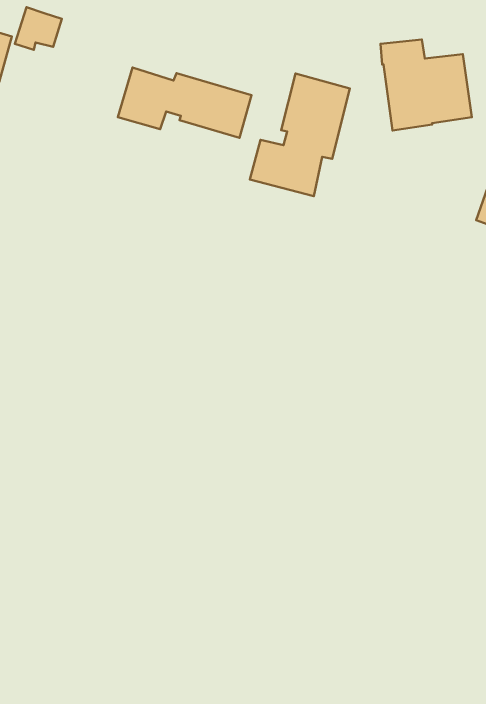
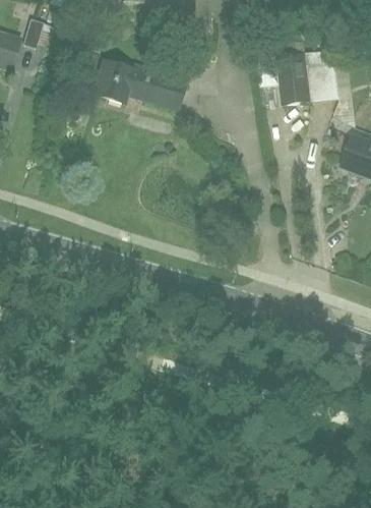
building: [250,74,350,196] -> none

